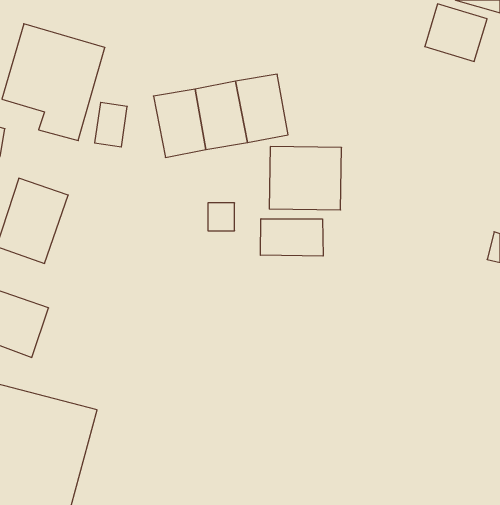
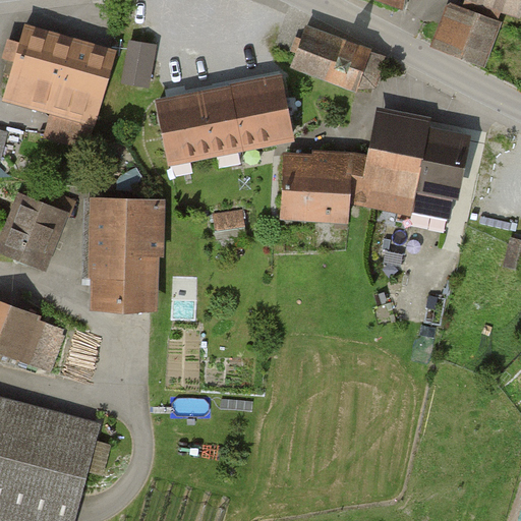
building: none -> [283,22,380,90]
building: [95,102,127,147] -> [120,43,154,89]
building: none -> [354,112,466,223]
building: none -> [90,195,162,308]
building: [260,219,323,256] -> none

